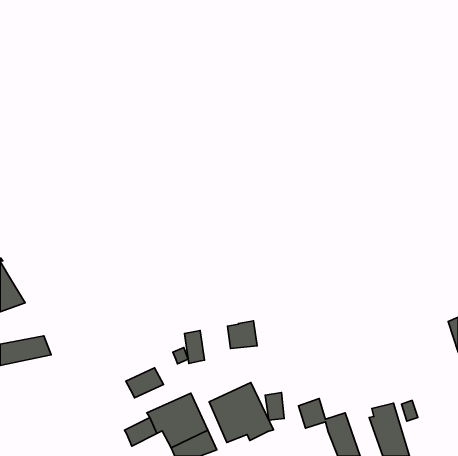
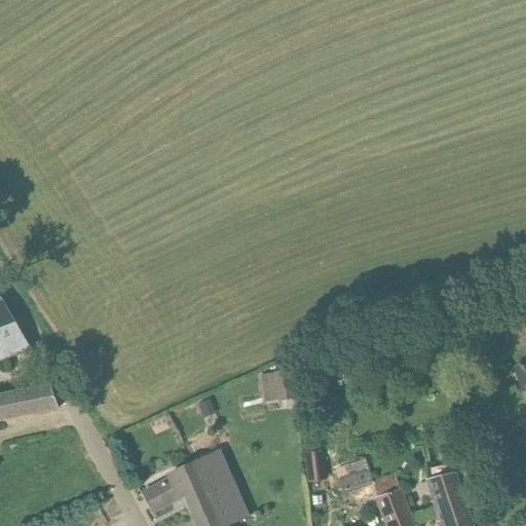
building: [185,330,204,363] -> none
building: [126,368,163,398] -> none
building: [209,382,273,443] -> none

